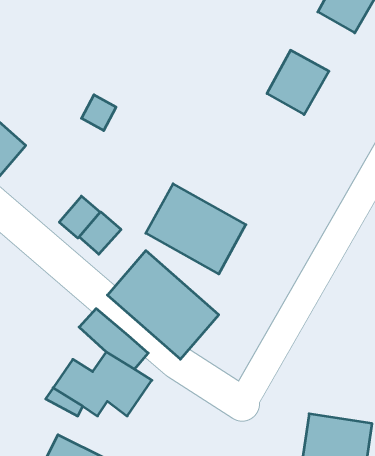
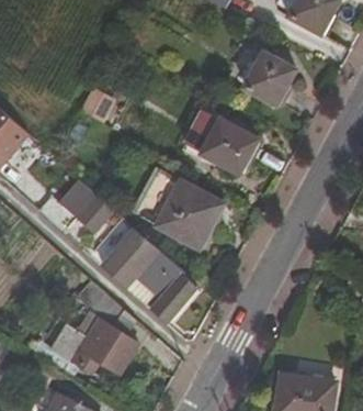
building: none -> [192,109,259,174]

